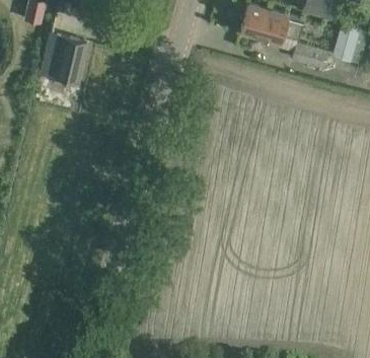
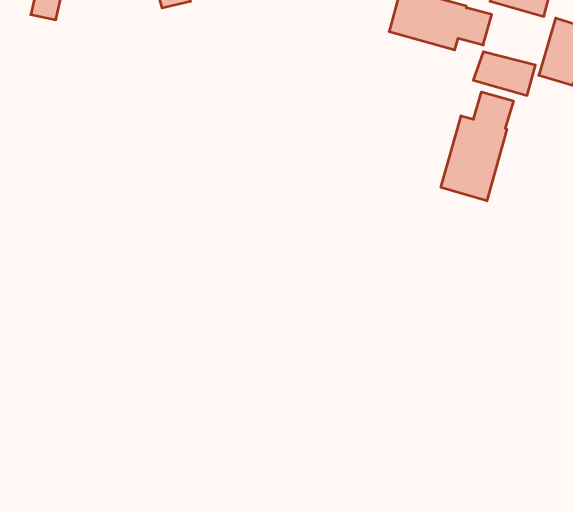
building: [42,35,87,82] -> none
building: none -> [441,92,513,201]

